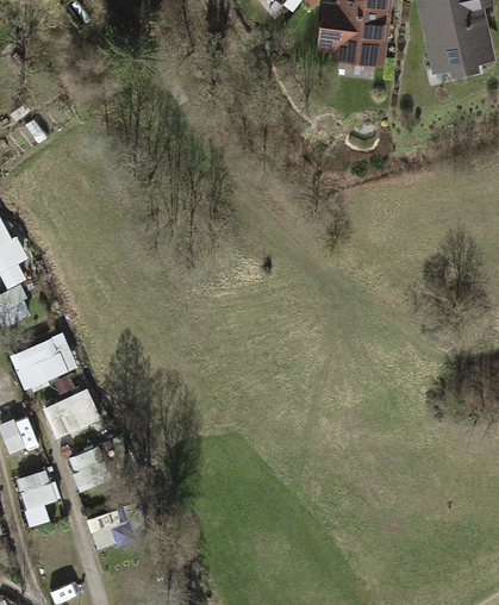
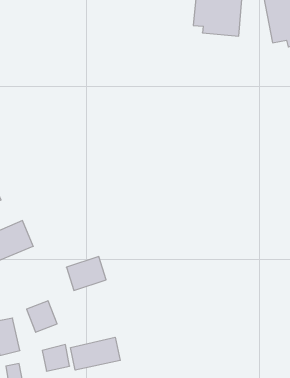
building: [45,389,102,438] -> [66,257,106,290]
building: none -> [71,337,120,370]

